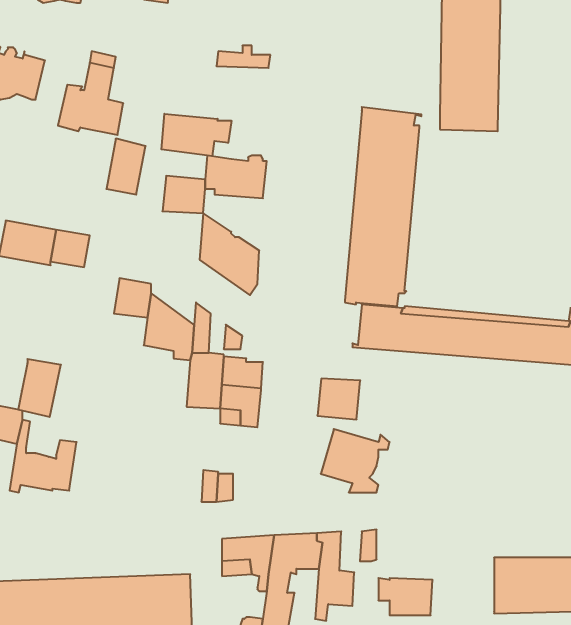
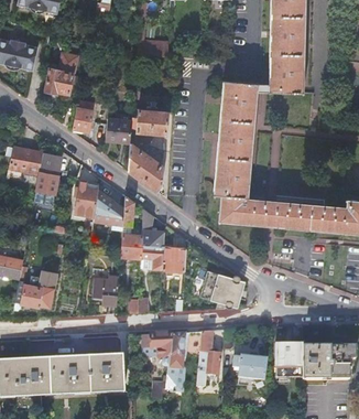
building: [161,114,231,156] -> none
building: [18,359,61,417] -> [34,171,59,205]
building: [317,379,360,419] -> [162,247,187,271]
building: none -> [93,275,119,303]
building: none -> [274,344,302,378]

